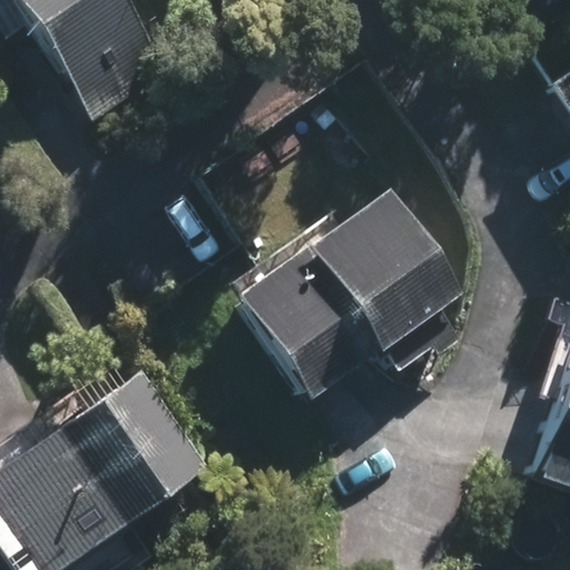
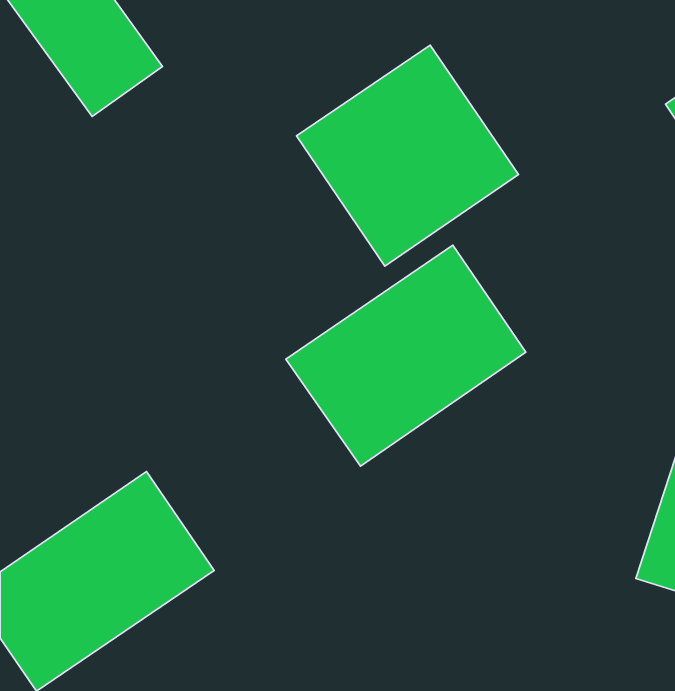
building: none -> [297,45,519,266]

